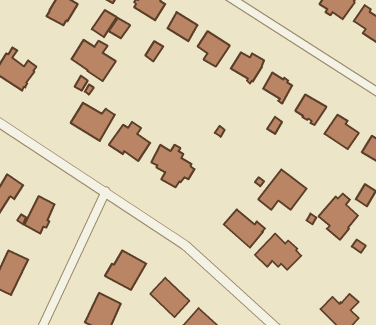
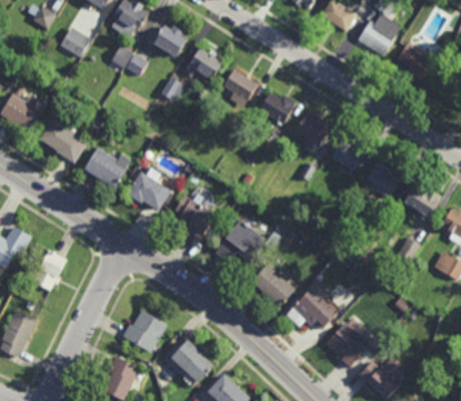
building: [71,40,116,81] -> [39,118,88,163]
building: [258,169,307,210] -> [214,219,268,263]
building: [319,194,358,240] -> [325,319,369,370]

